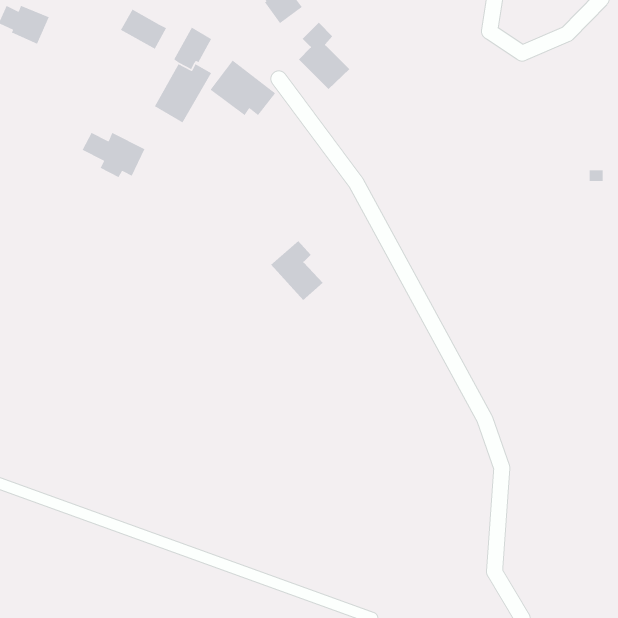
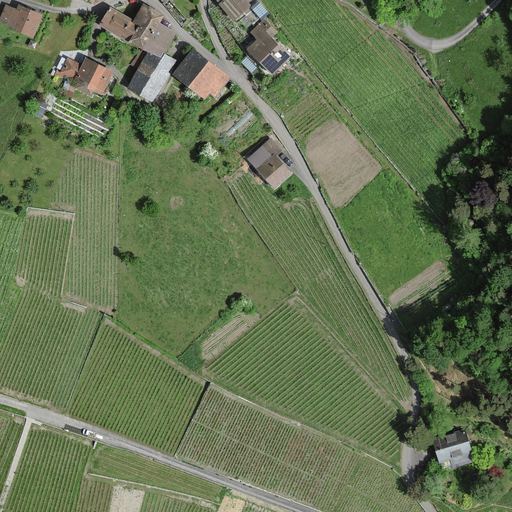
building: none -> [128,4,162,49]
building: [81,132,146,178] -> [59,57,112,95]
building: [270,240,324,301] -> [247,138,291,188]
building: none -> [431,430,473,469]

